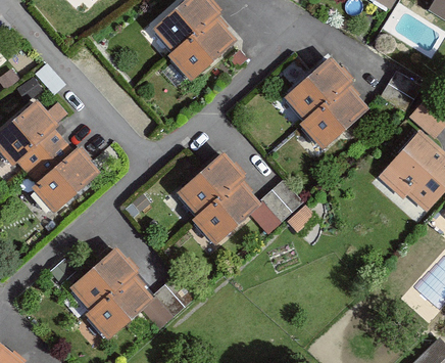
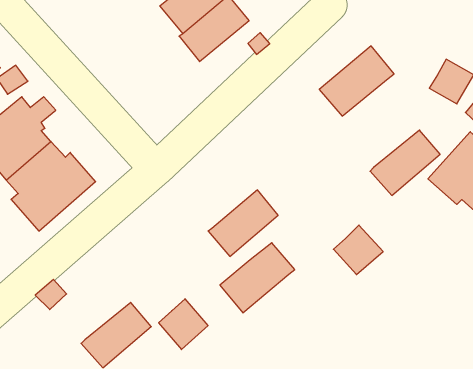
building: [305,89,364,144] -> [370,130,440,195]
building: [179,156,242,216] -> [220,243,295,313]
building: [261,180,303,222] -> [333,225,383,275]
building: [71,251,135,310] -> none

